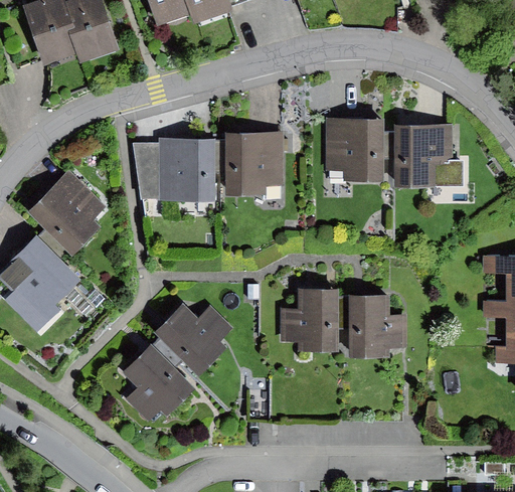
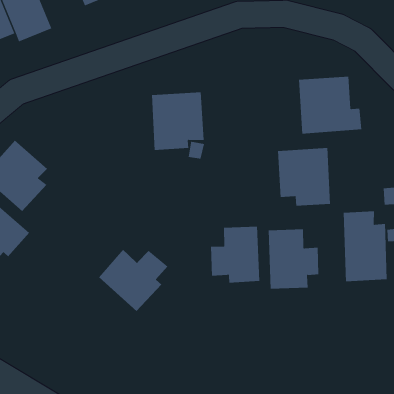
building: [327,117,385,181] -> [277,148,331,206]
building: [132,138,216,202] -> none
building: none -> [343,210,387,282]
building: [122,343,195,422] -> none

